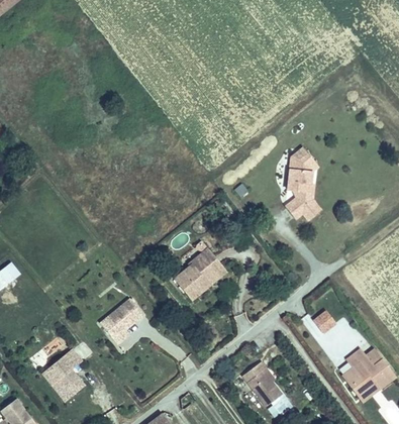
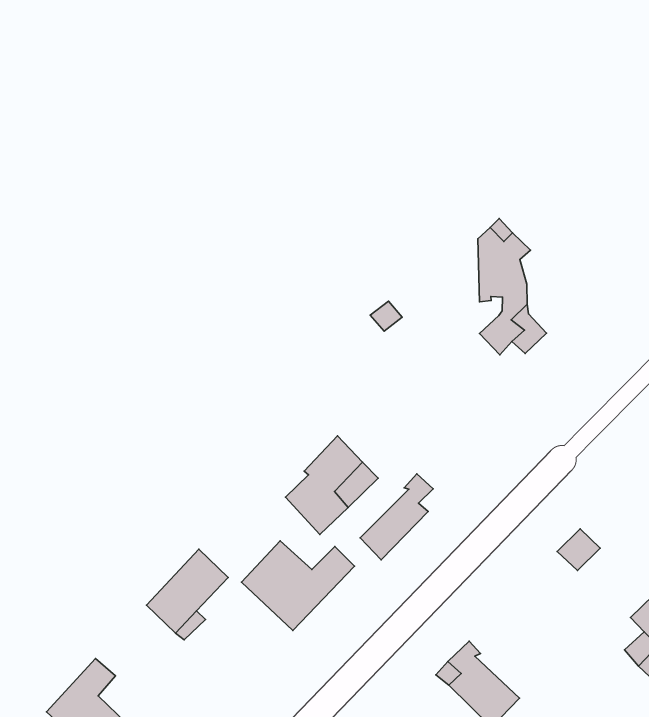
building: none -> [360,474,433,560]
building: none -> [242,541,354,631]

